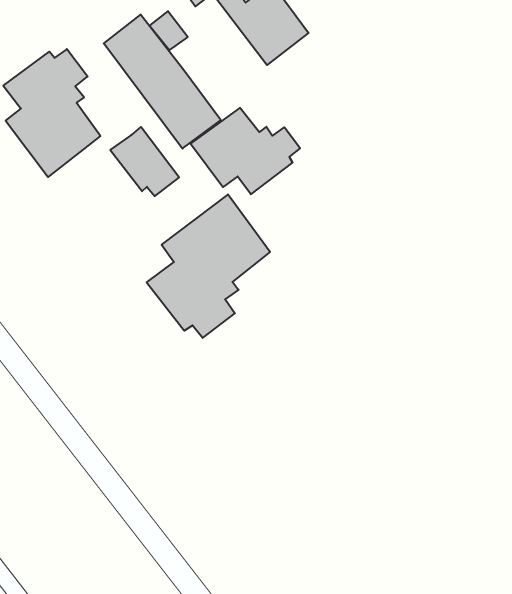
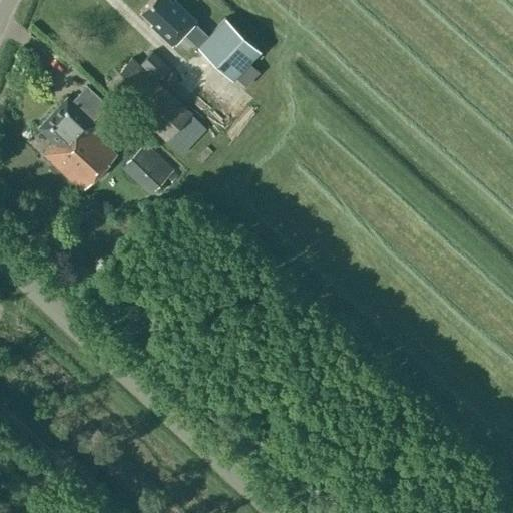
building: [190,108,300,194] -> none
building: [147,194,270,338] -> none

